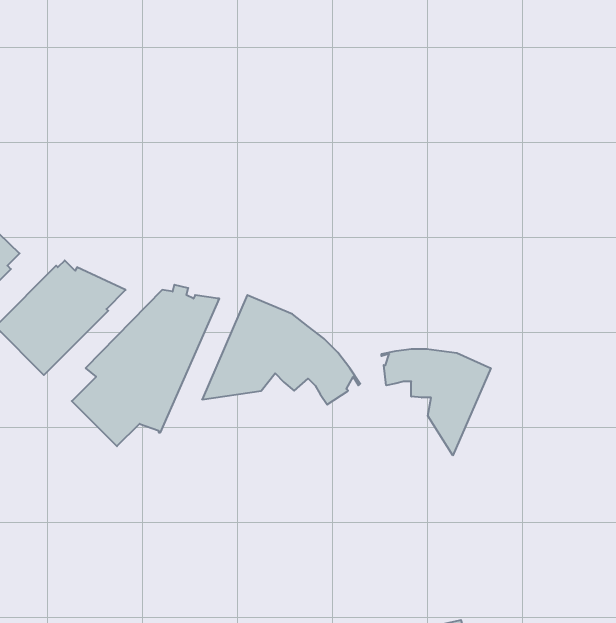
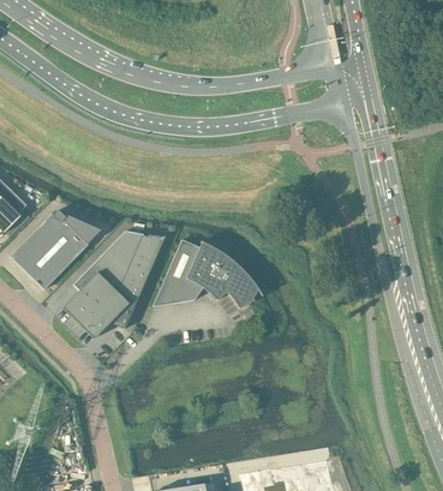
building: [381,349,491,455] -> none

